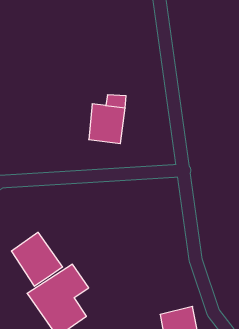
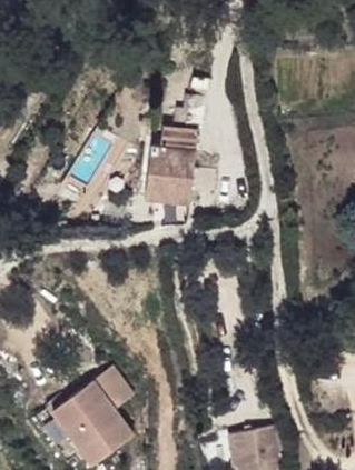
building: [11,232,63,286] -> none

